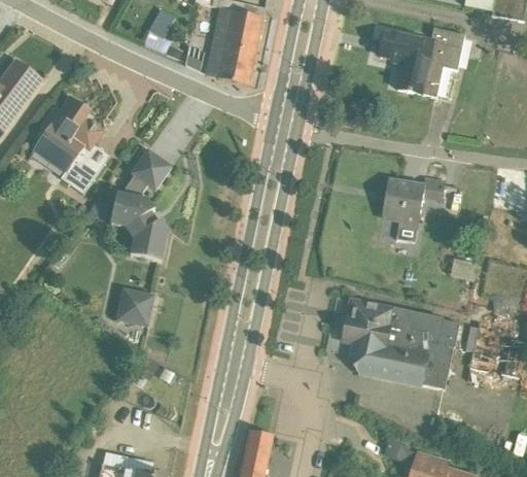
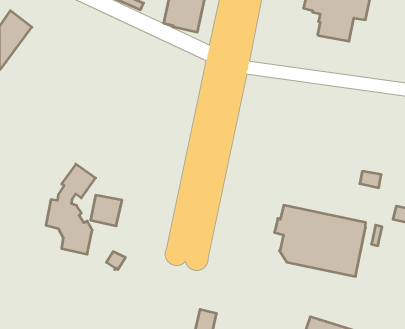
building: [33,96,109,193] -> none
building: [110,147,172,260] -> [46,164,96,254]
building: [382,177,445,232] -> none

